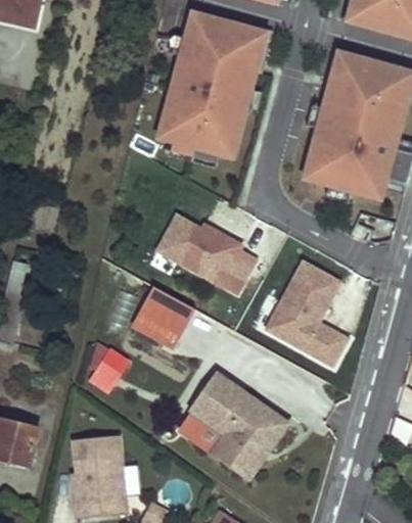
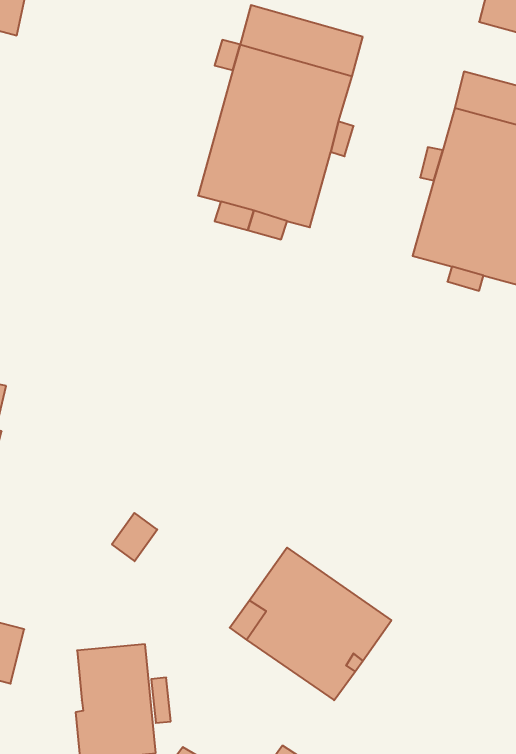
building: [151,208,260,295] -> none
building: [259,255,350,369] -> none
building: [131,286,193,346] -> none

